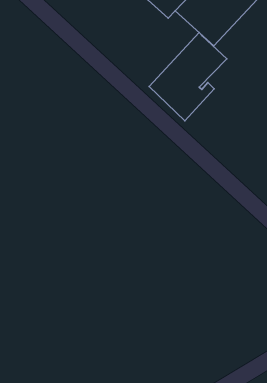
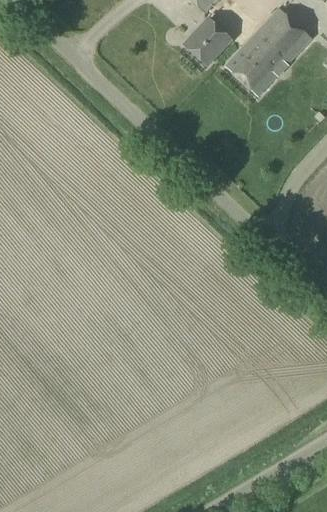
building: [149,33,227,121] -> none

